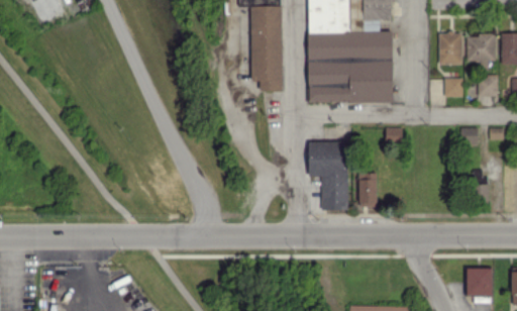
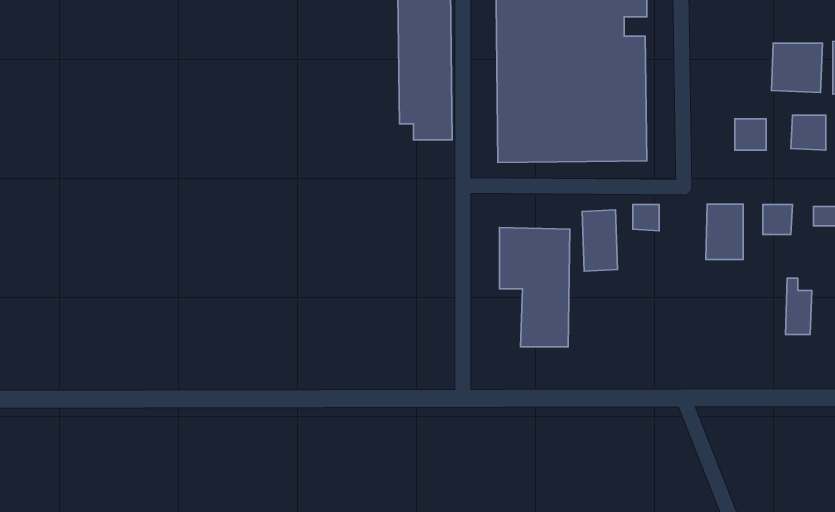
building: [438,32,461,65] -> none
building: none -> [706,204,743,259]
building: [358,172,379,207] -> [582,210,617,271]
building: [466,268,492,296] -> none

